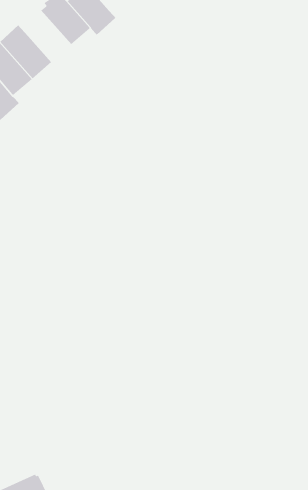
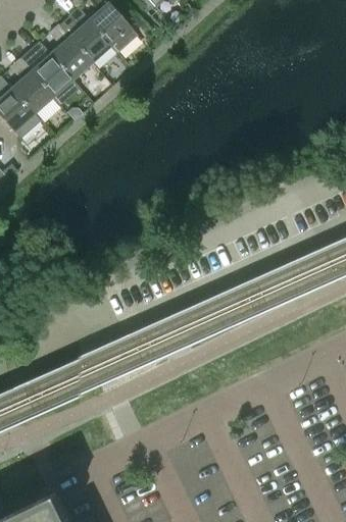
building: none -> [49,25,92,81]

